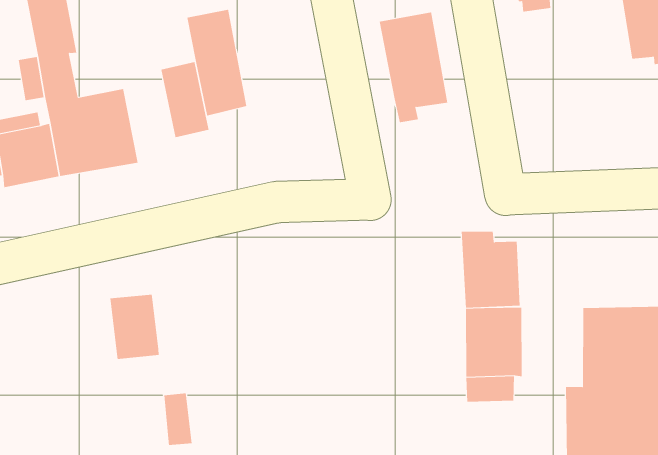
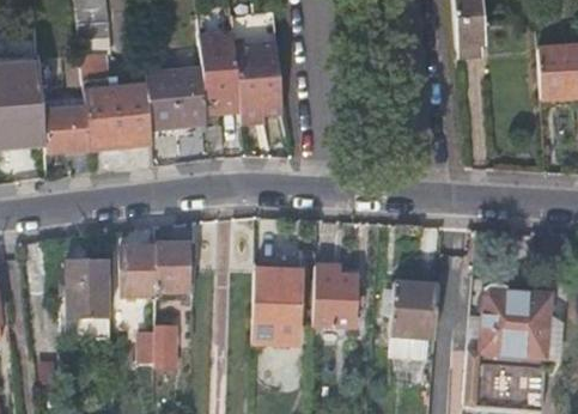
building: [379,12,448,123] -> [235,41,282,124]
building: none -> [147,71,182,128]
building: [461,231,520,308] -> [315,261,360,323]
building: none -> [153,241,187,287]
building: none -> [253,266,302,340]
building: none -> [66,258,110,334]

